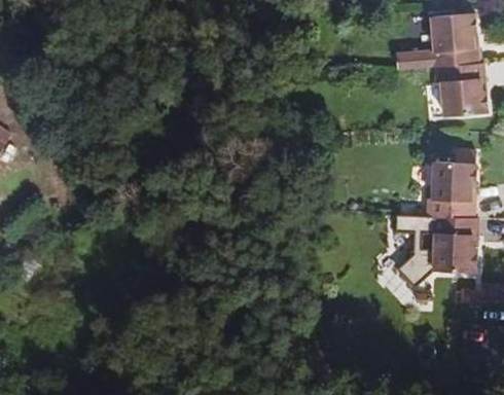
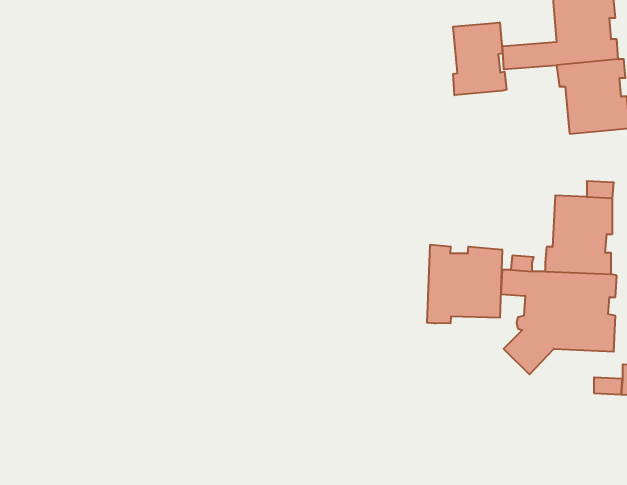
building: none -> [453,22,506,95]
building: none -> [427,245,502,324]

